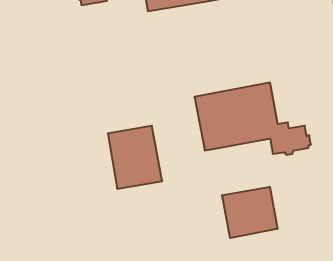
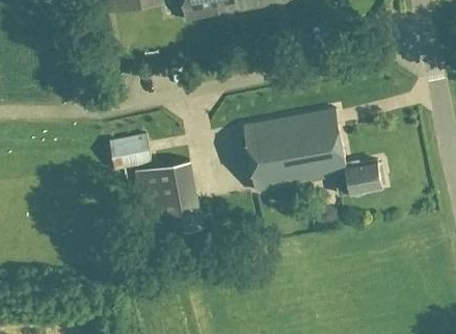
building: none -> [108,132,151,170]
building: [222,187,278,238] -> none

